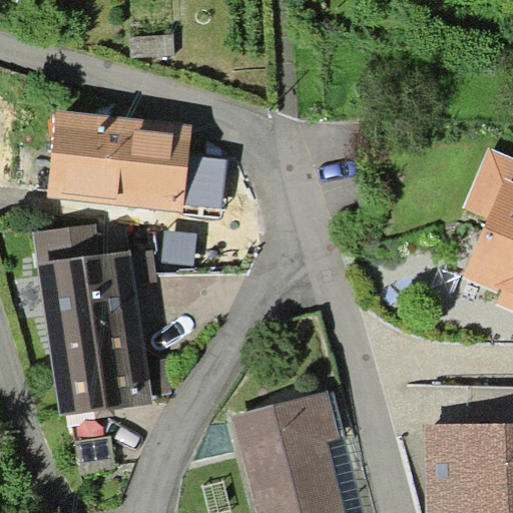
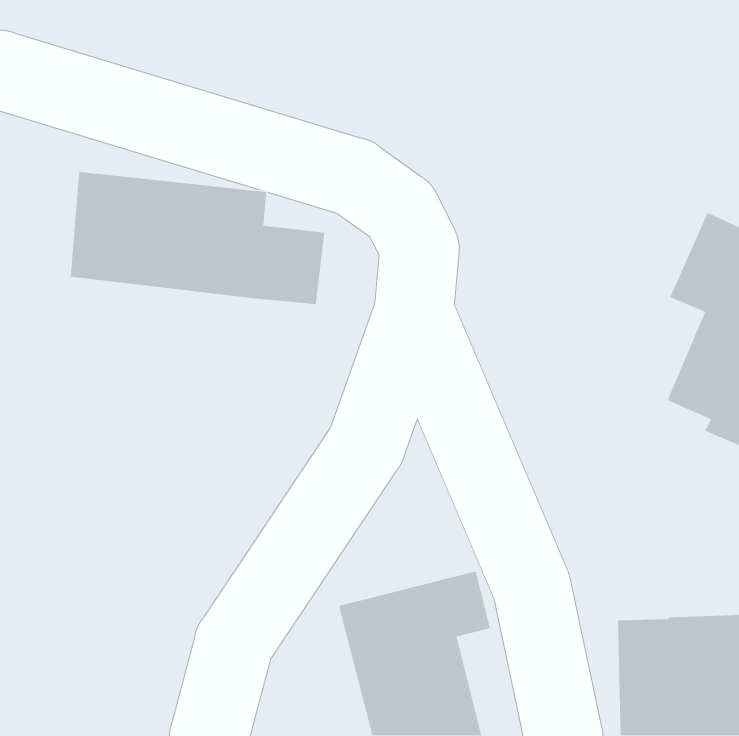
building: [30,221,172,415] -> none

